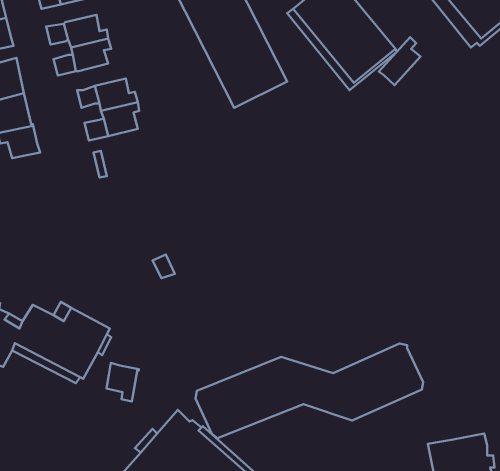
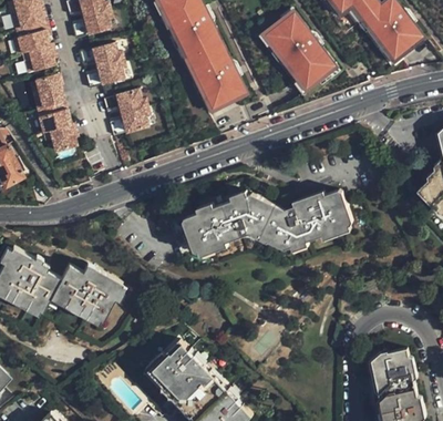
building: [379,37,421,85] -> none
building: [195,344,423,438] -> [186,187,357,258]
building: [106,363,139,402] -> none

